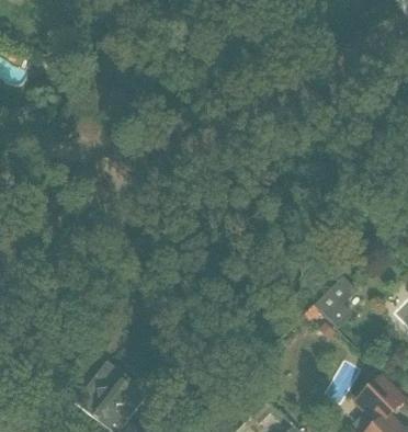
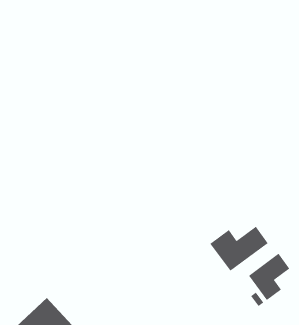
building: none -> [210,226,269,272]

